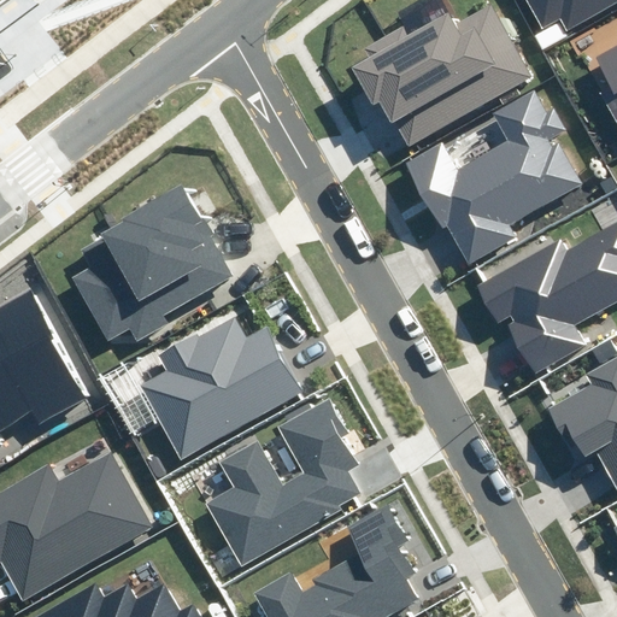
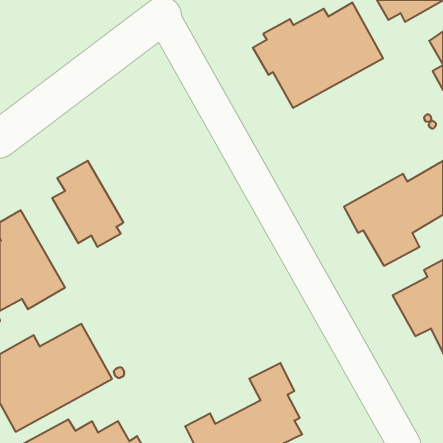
building: [407,93,584,264] -> none
building: [122,190,231,310] -> none
building: [140,321,301,458] -> none
building: [207,398,363,564] -> none

